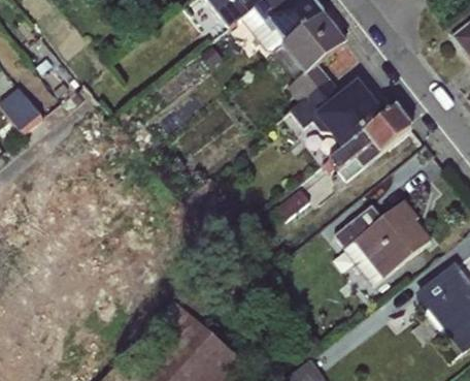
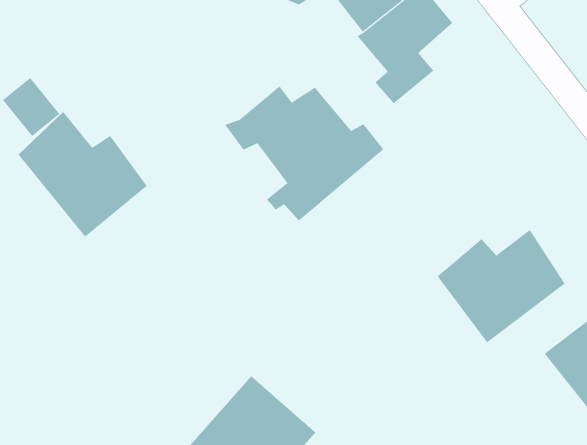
building: [290,78,411,182] -> [224,86,384,221]
building: none -> [18,111,148,237]

